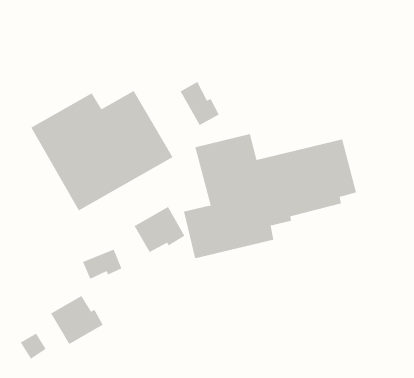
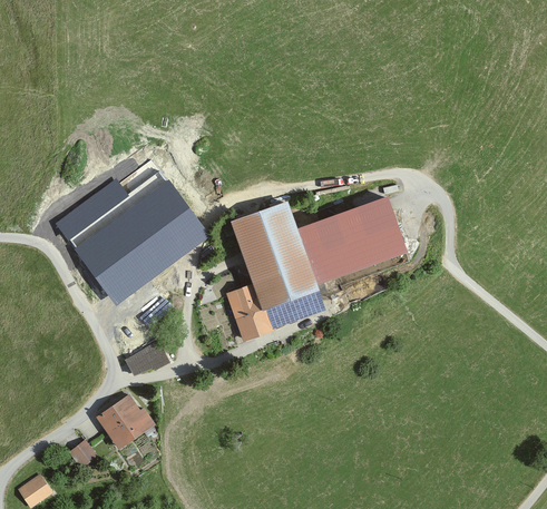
building: [180,81,219,126] -> none
building: [134,206,185,253] -> none

